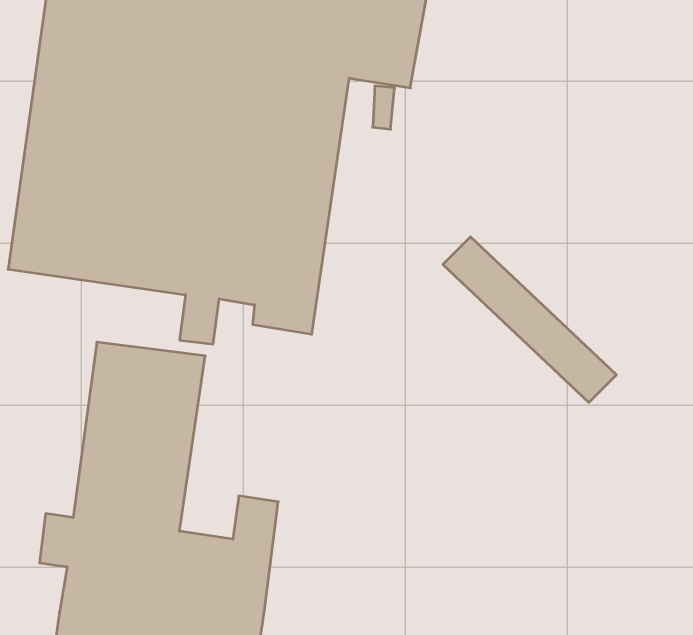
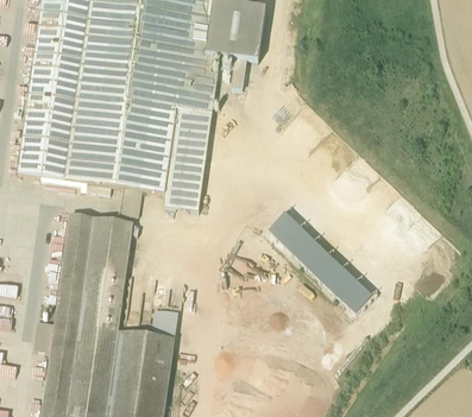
building: [443,237,616,402] -> [270,213,375,312]

